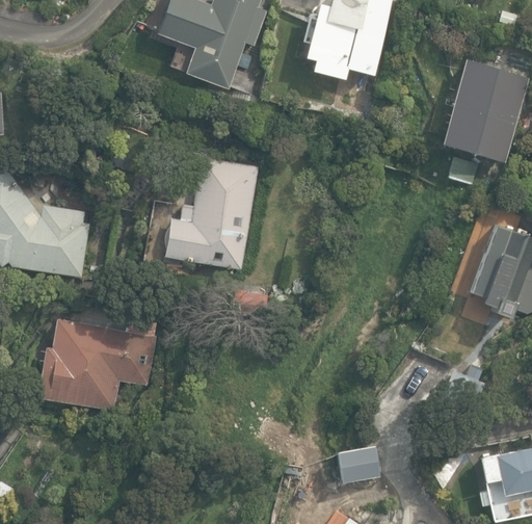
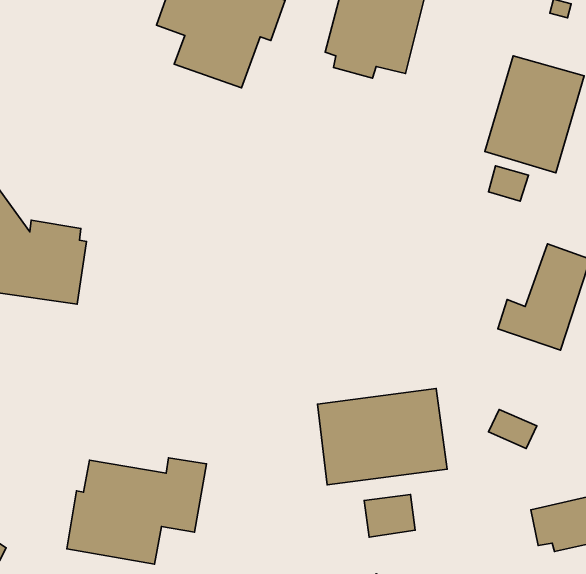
building: [165,157,259,267] -> none
building: [36,317,159,411] -> [67,458,206,564]
building: none -> [318,389,447,485]

